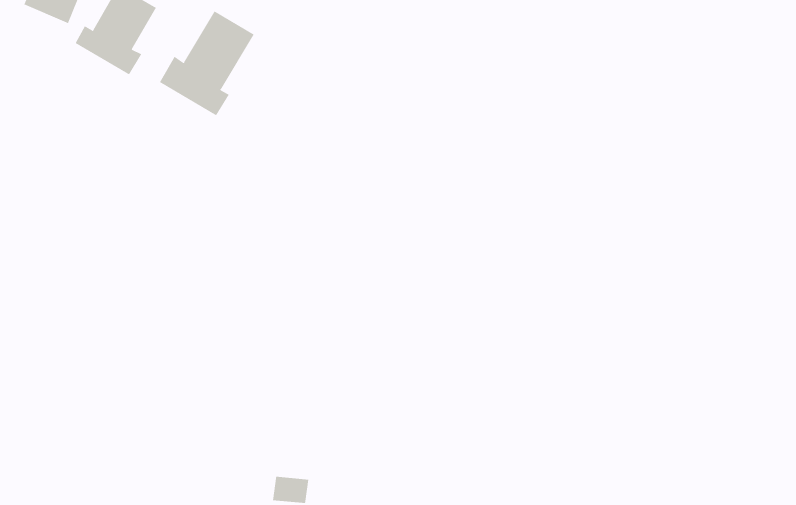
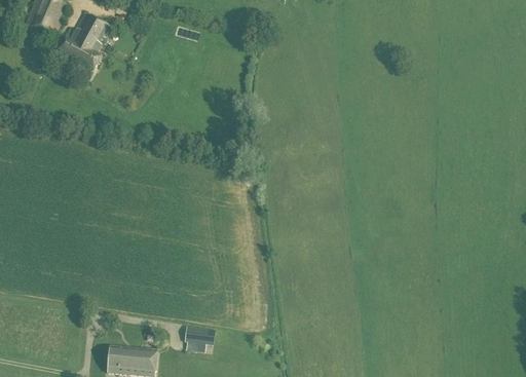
building: [159,10,255,116] -> none

